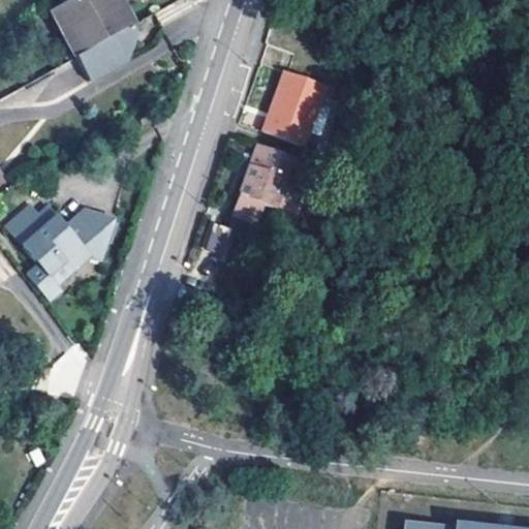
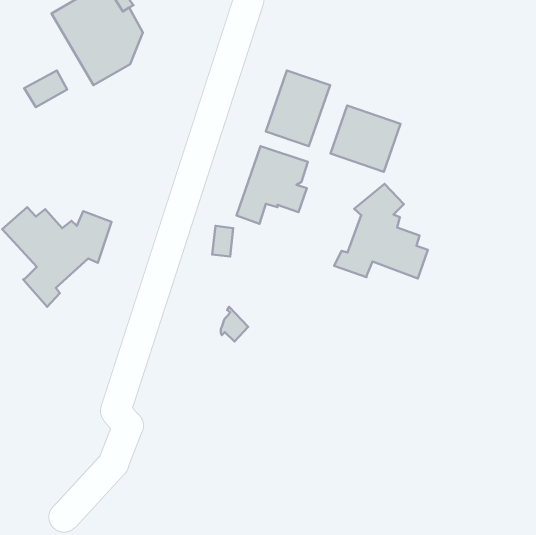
building: none -> [331,105,400,172]
building: none -> [334,184,428,279]

